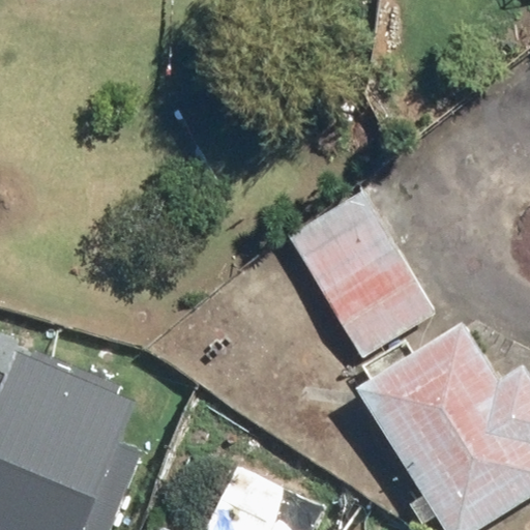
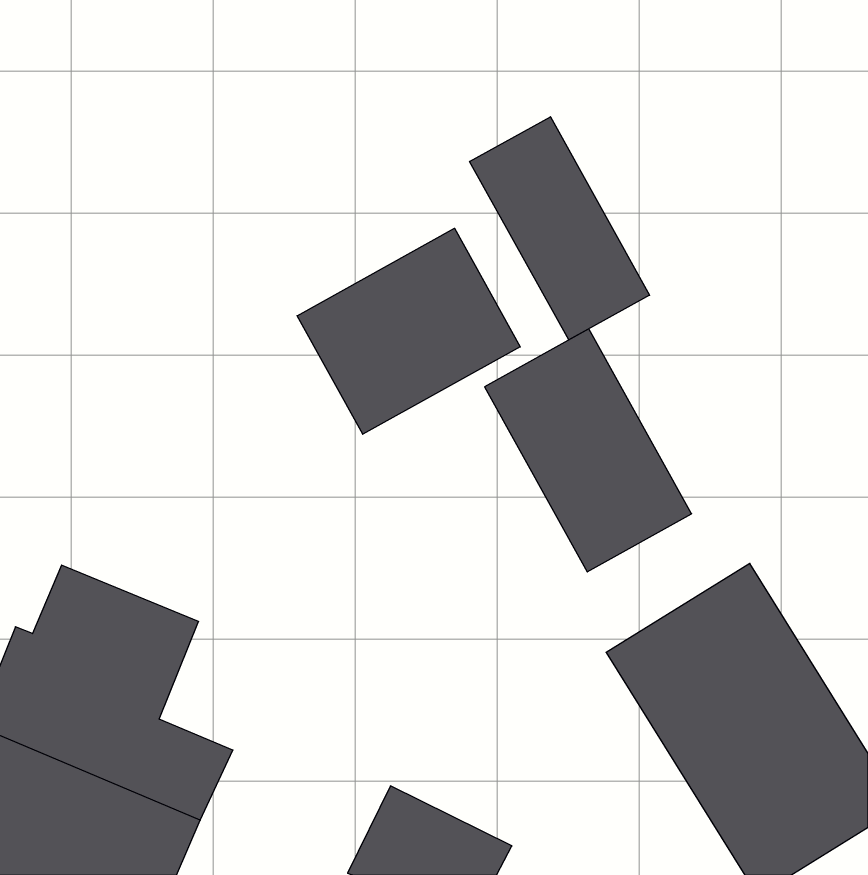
building: none -> [470,117,650,340]
building: none -> [297,228,520,434]

